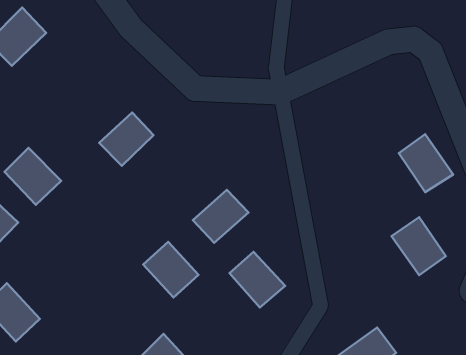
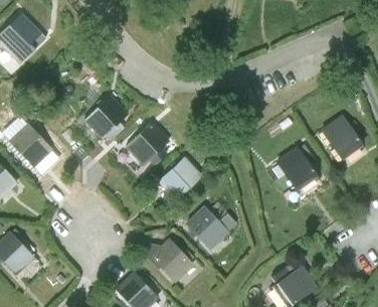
building: none -> [125,121,170,166]
building: [391,217,446,275] -> [275,146,319,192]
building: [143,242,199,297] -> [151,240,195,284]

